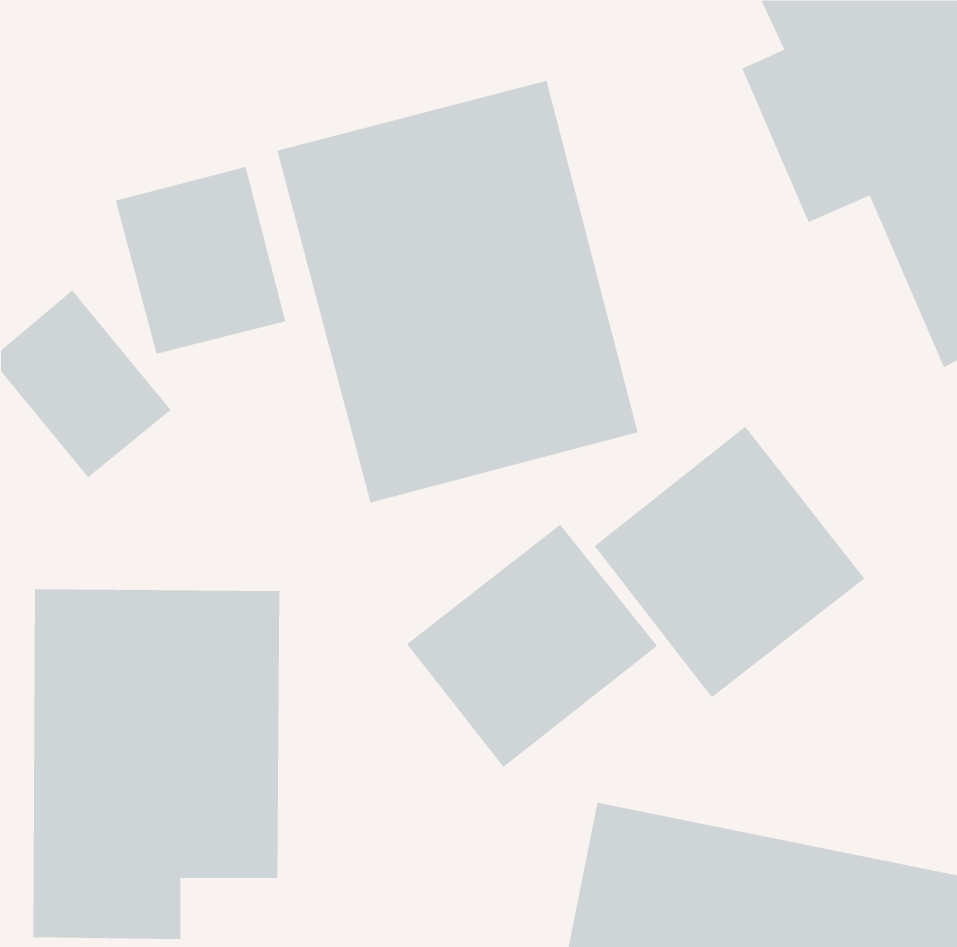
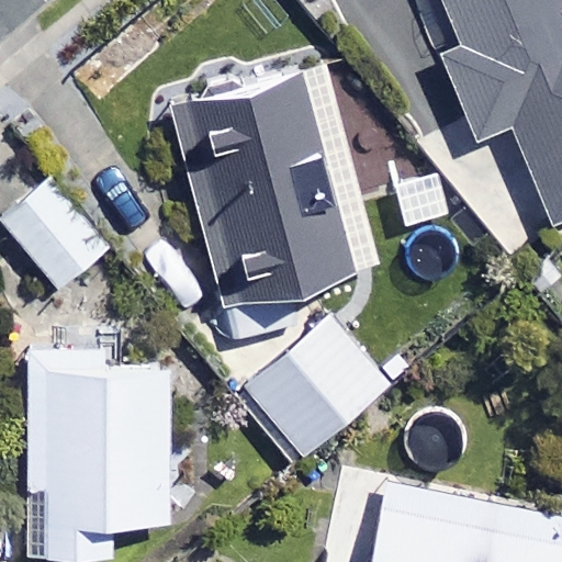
building: [115,166,286,354] -> none
building: [594,426,865,698] -> none

